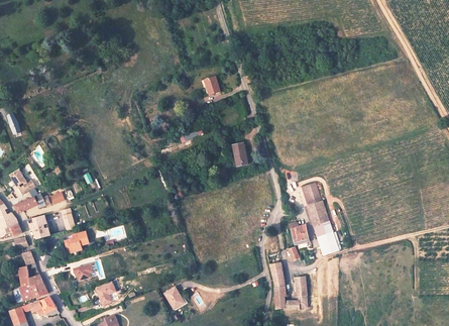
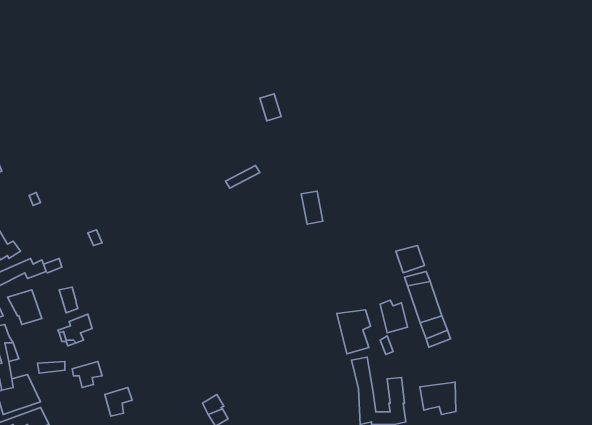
building: none -> [337,310,371,354]
building: none -> [420,382,456,415]

